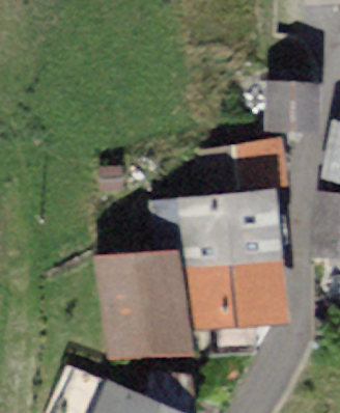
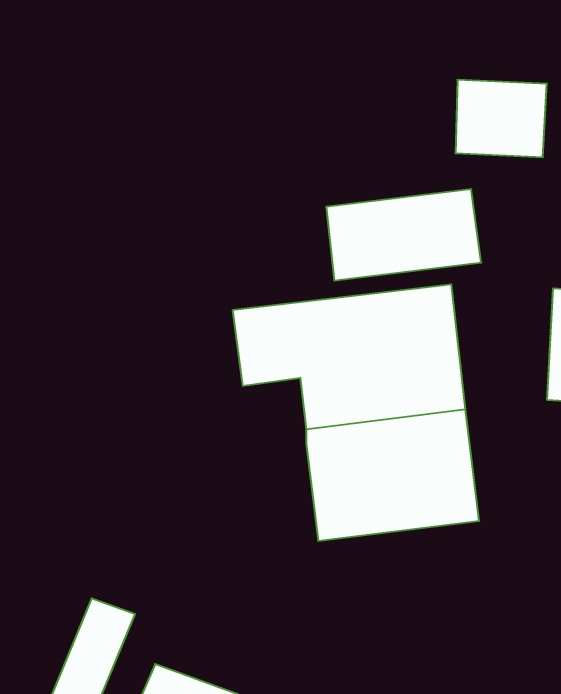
building: [101,252,187,354] -> none

